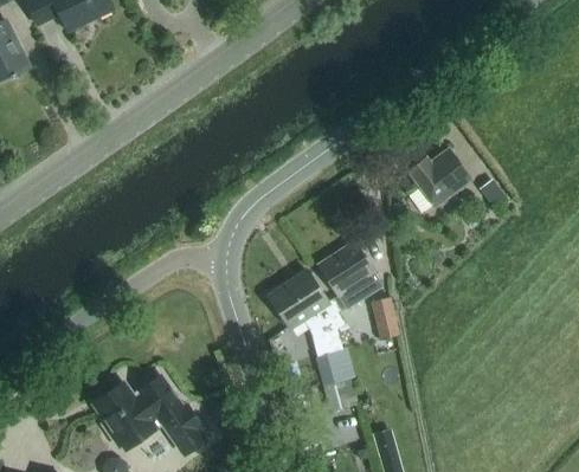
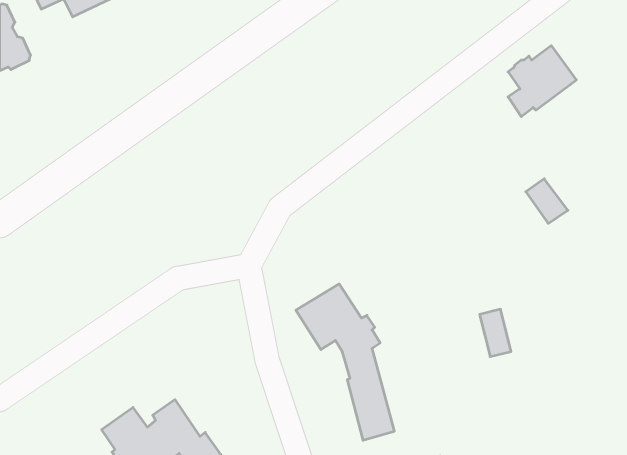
building: [410,148,471,212] -> [508,46,576,117]
building: [319,240,374,309] -> none
building: [371,296,399,338] -> [480,309,511,357]

